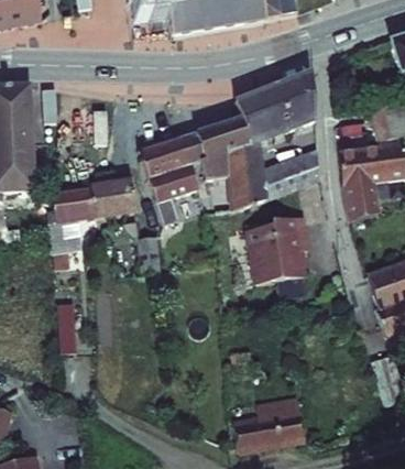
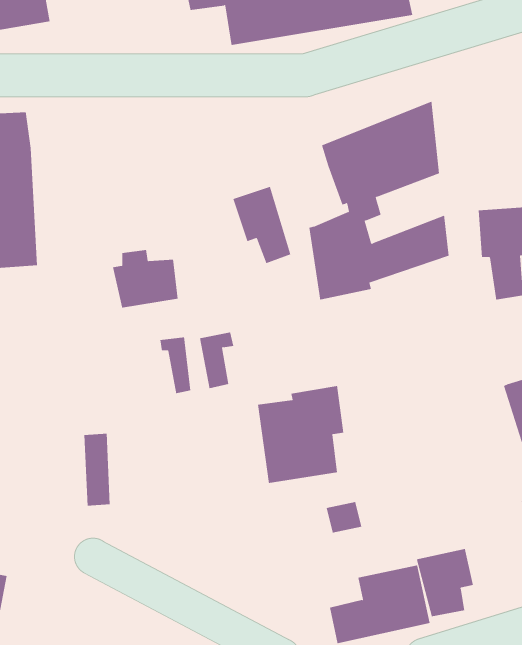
building: [195,119,244,216] -> none
building: [135,142,191,226] -> none
building: [44,189,91,274] -> none
building: [254,216,315,284] -> [257,385,344,484]
building: none -> [416,548,473,617]

